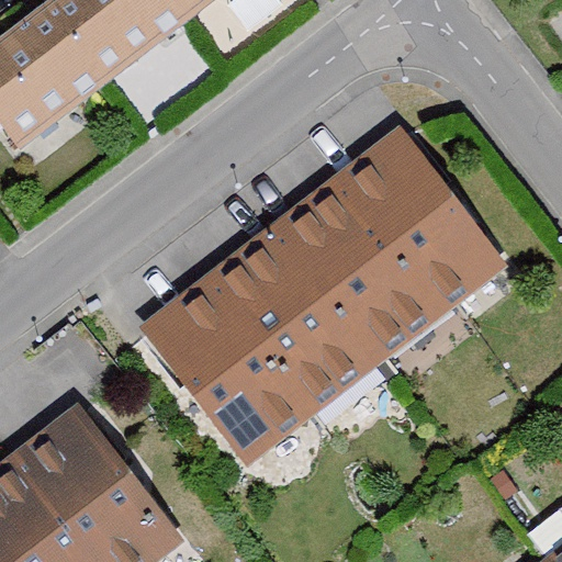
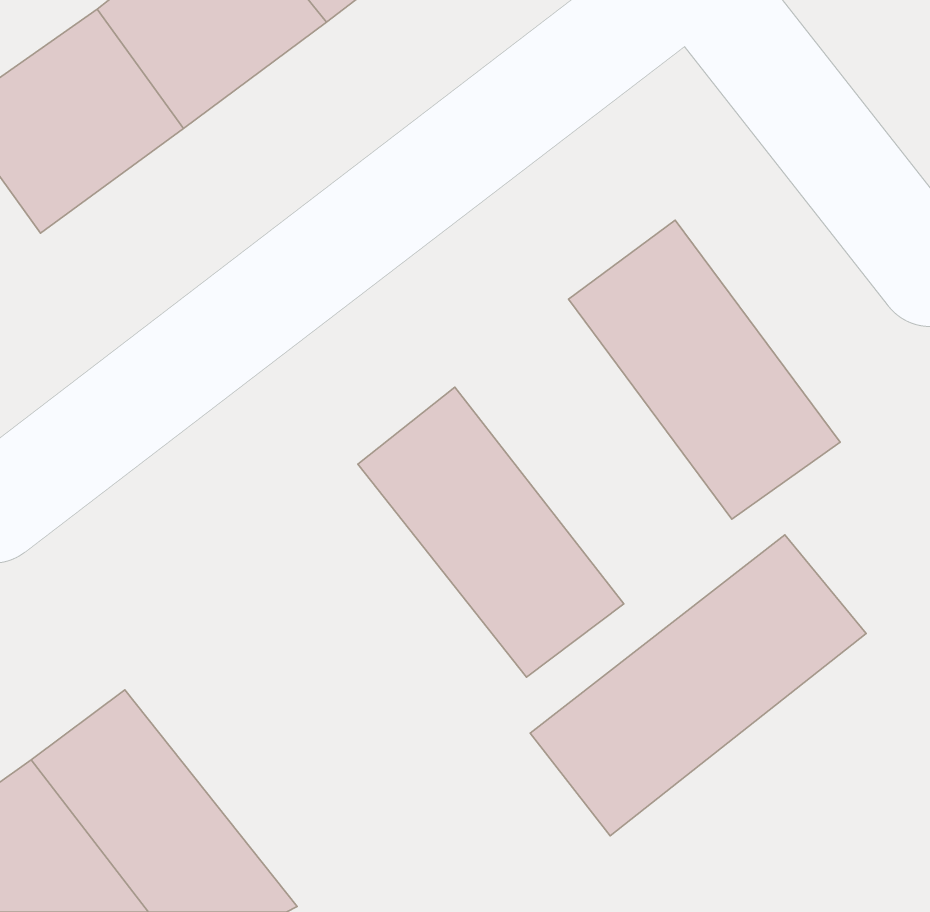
building: [272,179,438,361] -> none
building: [145,278,315,459] -> none
building: none -> [530,535,866,836]

